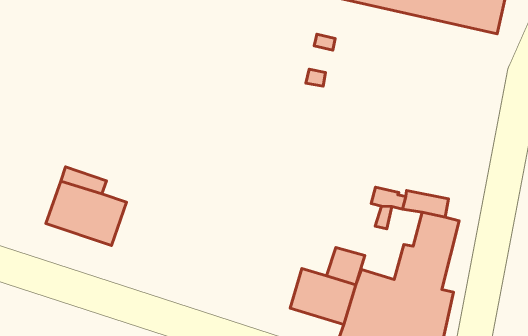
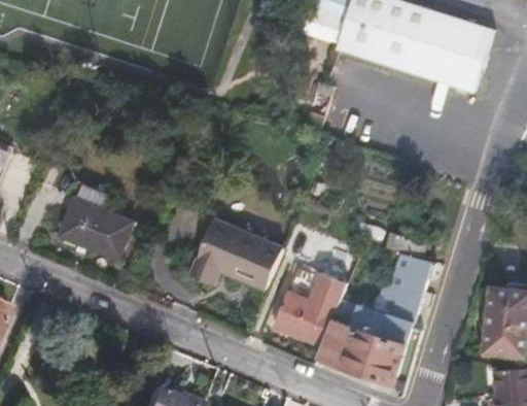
building: none -> [188,216,283,286]

